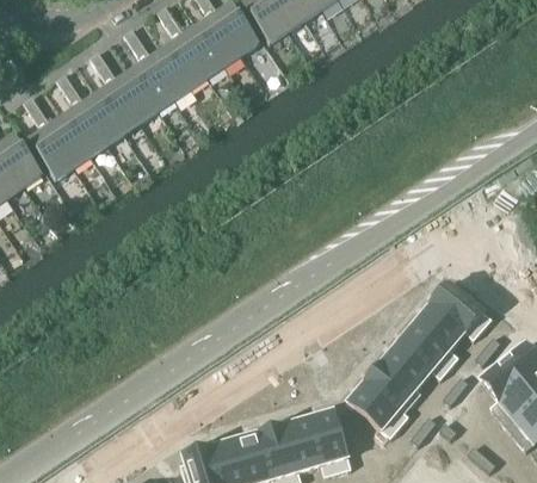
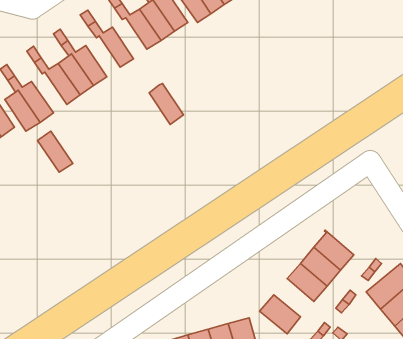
building: [162,37,205,88] -> [149,83,184,124]
building: [129,60,172,111] -> none
building: [61,105,105,156] -> [37,131,73,172]
building: [428,283,482,334] -> none
building: [364,364,414,411] -> none

